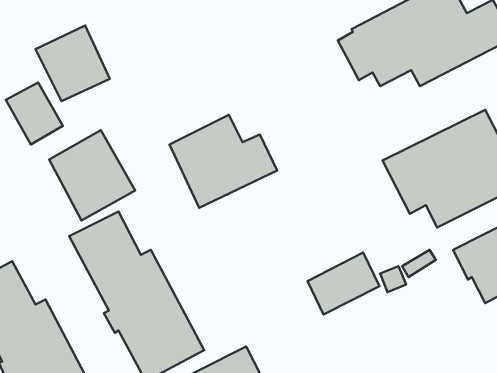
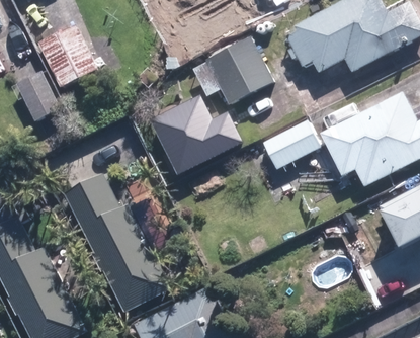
building: none -> [200,35,269,104]
building: [49,130,135,220] -> none
building: [307,253,379,315] -> [262,119,321,170]

